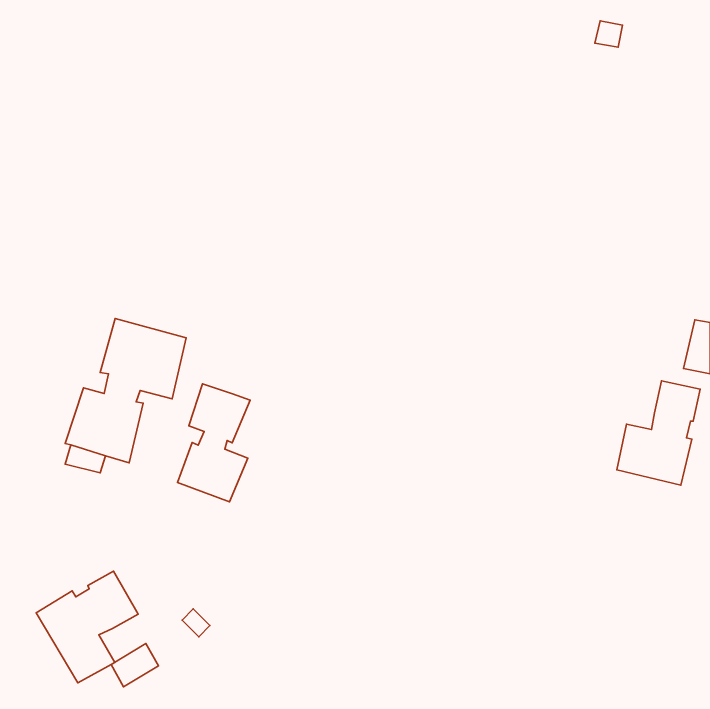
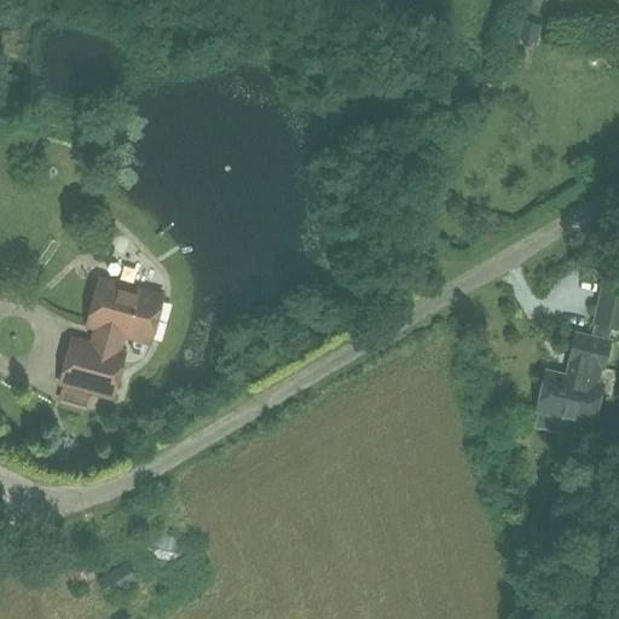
building: [178,384,250,502] -> none
building: [36,571,138,683] -> none

